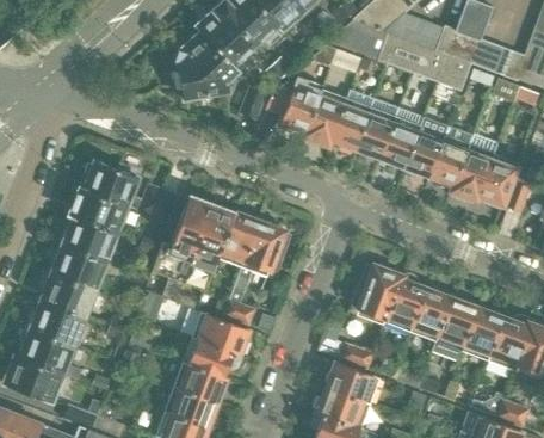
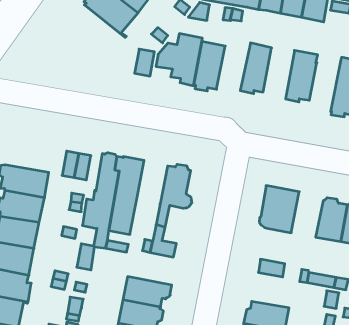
building: [173,26,236,98] -> none
building: [328,91,375,152] -> none
building: [379,107,422,169] -> none
building: [429,127,472,192] -> none
building: [78,160,137,206] -> none
building: [218,210,259,263] -> none
building: [384,274,426,329] -> none
building: [193,313,247,356] -> none
building: [326,363,377,403] -> none

